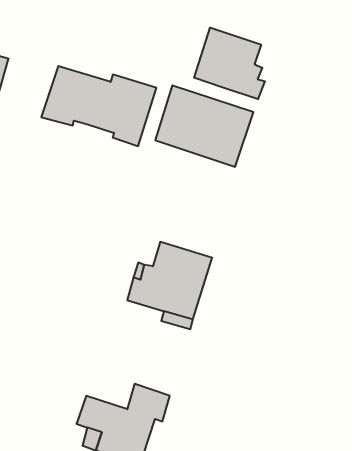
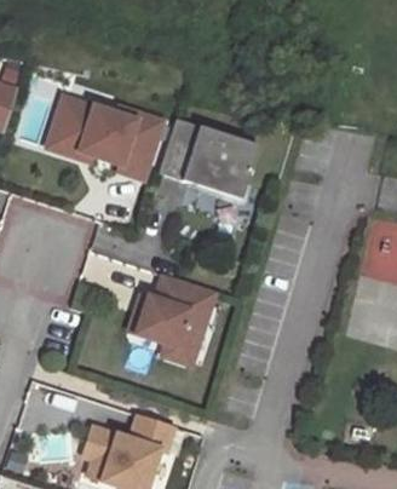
building: [194,28,265,99] -> none

